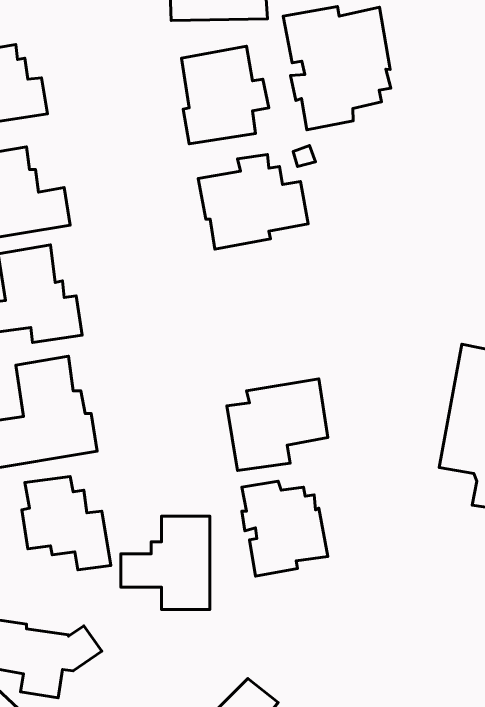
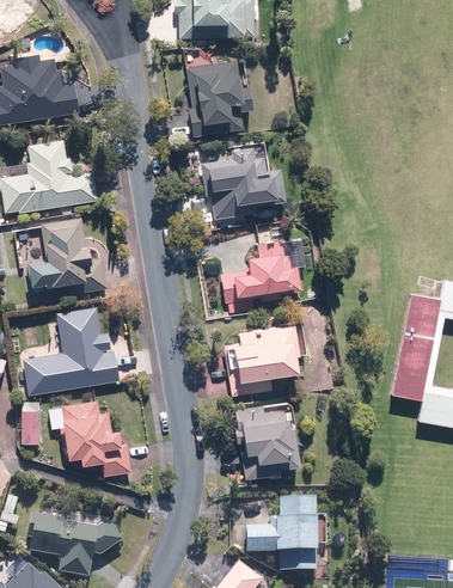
building: [283,6,391,130] -> none
building: none -> [220,239,301,313]
building: [121,516,210,610] -> [246,496,317,570]

